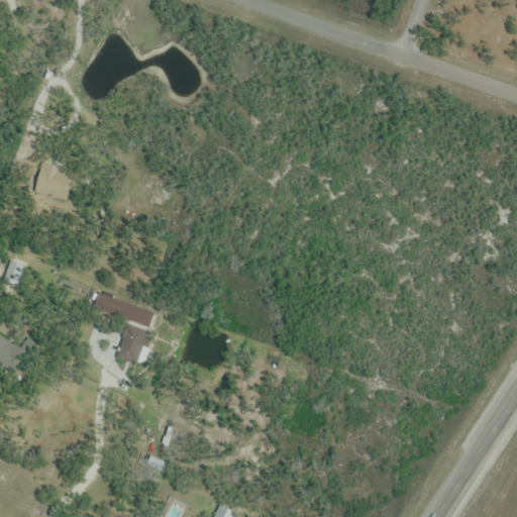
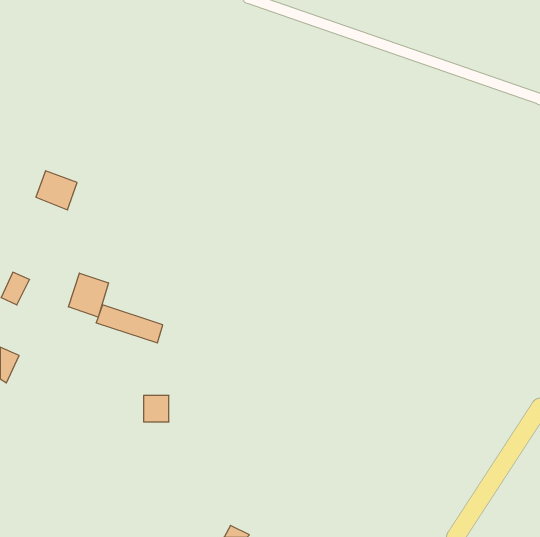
building: none -> [68,273,108,317]
building: [122,327,146,352] -> [144,395,169,422]

